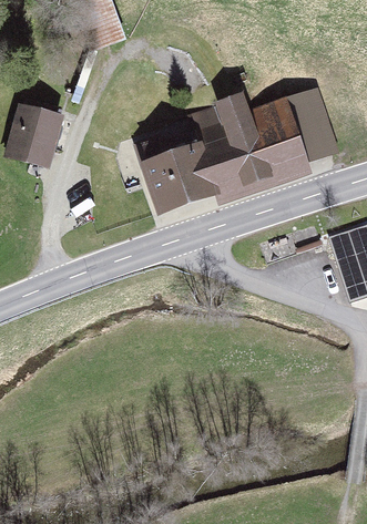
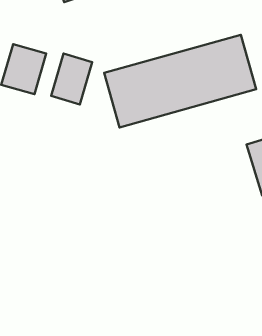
building: none -> [51,54,92,104]

